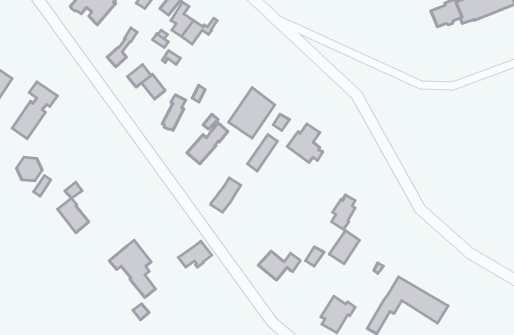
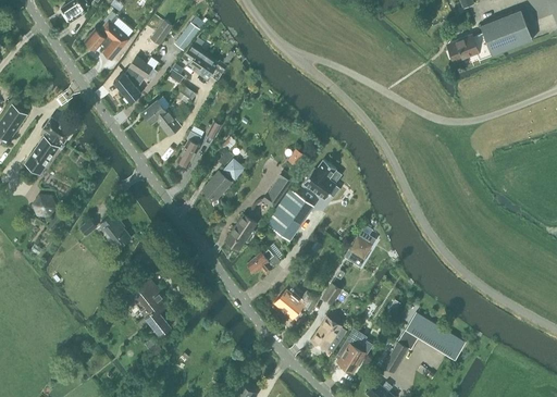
building: none -> [113,57,145,92]
building: [228,88,275,138] -> [265,189,312,240]
building: [57,198,89,233] -> [99,213,131,248]
building: [329,230,359,264] -> [310,317,341,350]
building: [178,241,212,267] -> [246,247,280,273]

